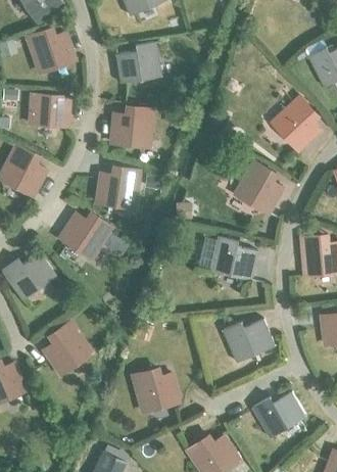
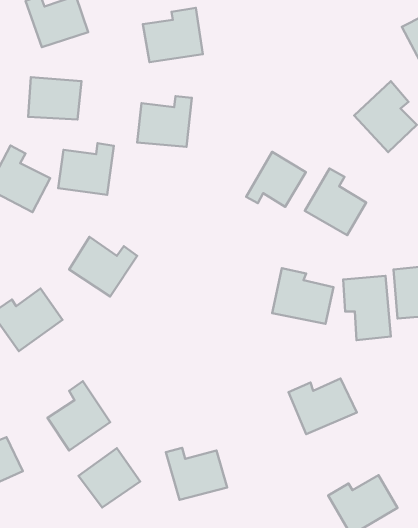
building: none -> [246,152,306,207]
building: [96,169,138,207] -> [58,143,114,195]
building: none -> [343,276,391,340]
building: none -> [78,448,140,507]

